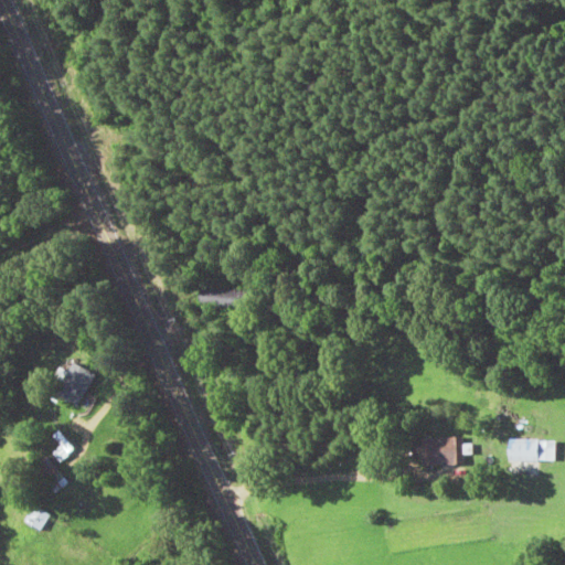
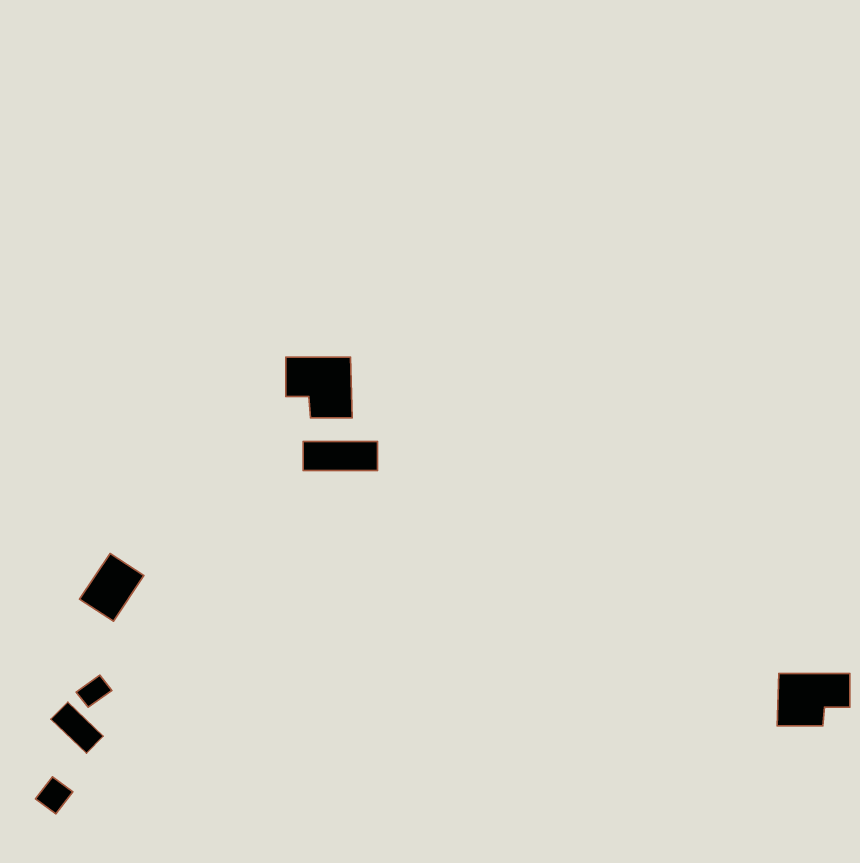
building: none -> [286,357,352,418]
building: [418,437,461,466] -> none

